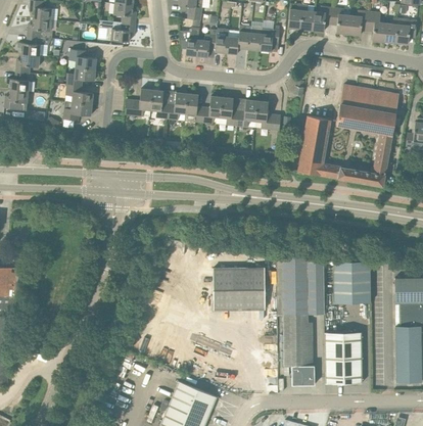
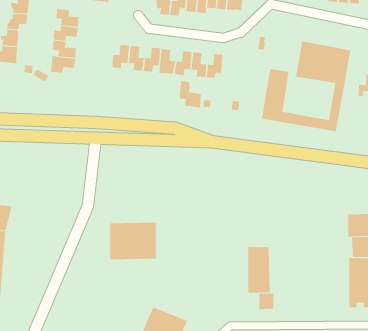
building: [254,100,280,131] -> [179,80,202,108]
building: [276,251,324,315] -> none
building: [333,261,370,303] -> none
building: [213,268,265,310] -> [110,222,156,260]
building: [325,332,362,383] -> none

